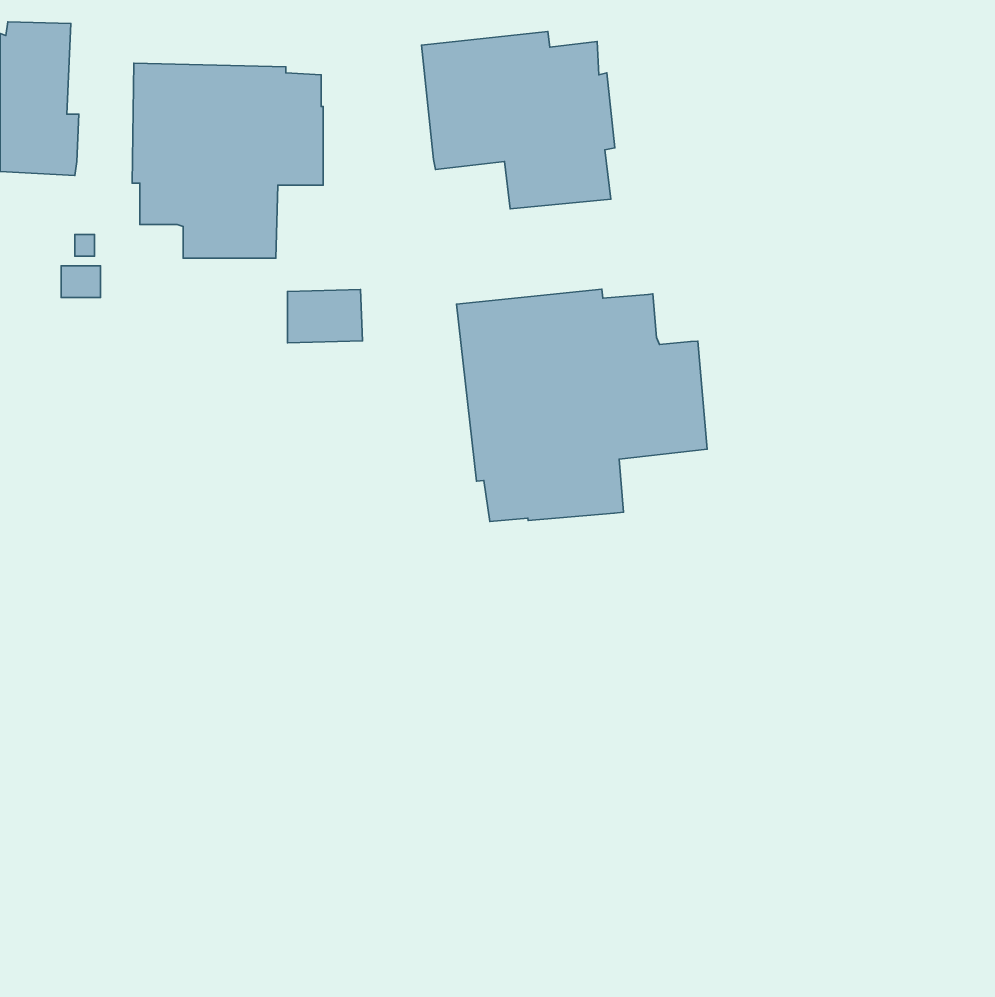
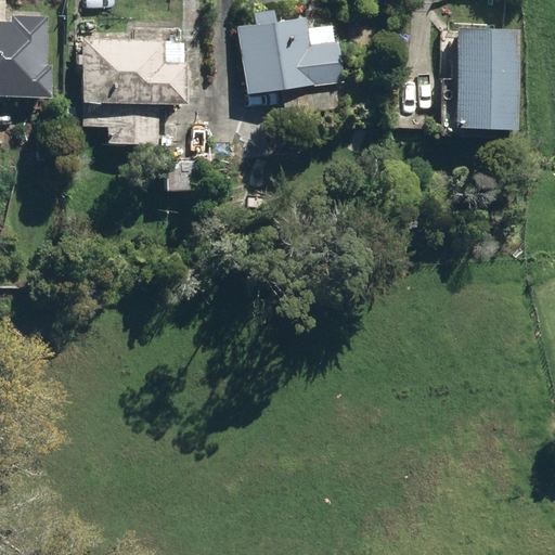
building: none -> [451,29,518,132]
building: [457,289,707,522] -> none

